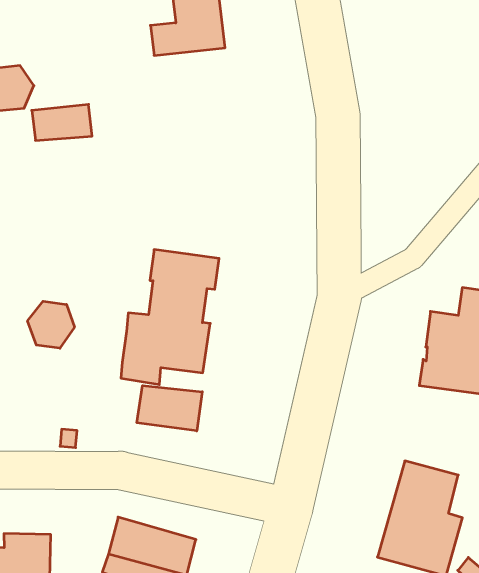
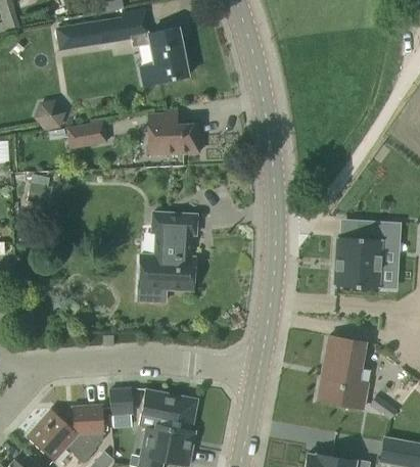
building: none -> [149,124,200,155]
building: [28,301,74,348] -> none
building: [137,386,202,431] -> none
building: none -> [110,388,134,415]

